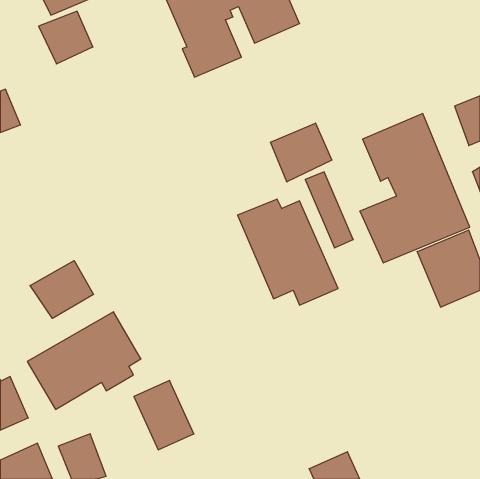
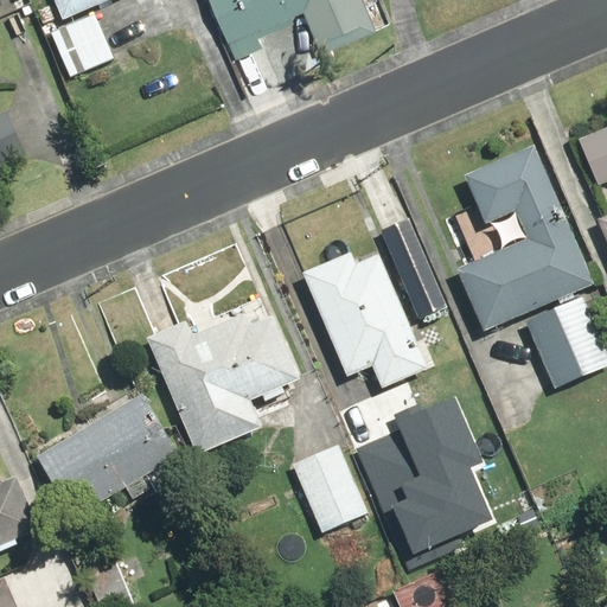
building: [271,123,332,182] -> none
building: none -> [146,312,300,455]
building: [30,261,94,318] -> none
building: none -> [358,396,494,554]
building: [134,380,194,450] -> [292,445,368,532]

